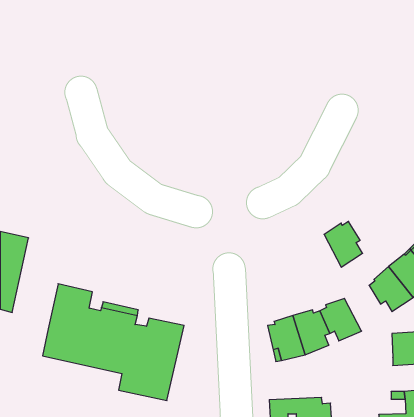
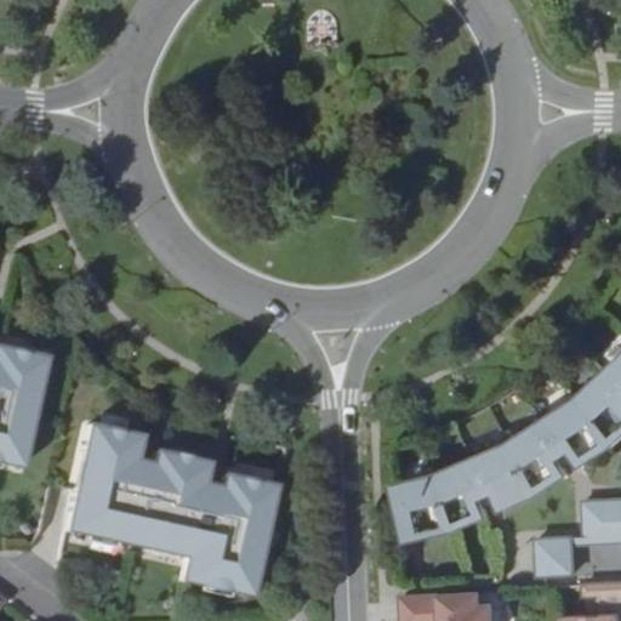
building: [324,221,363,267] -> [517,425,574,492]
building: none -> [540,531,582,575]

